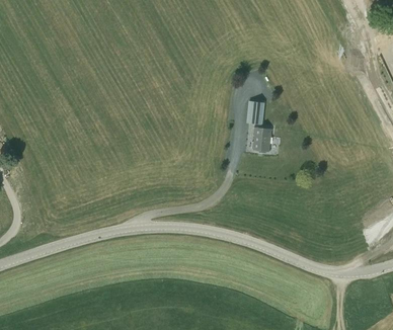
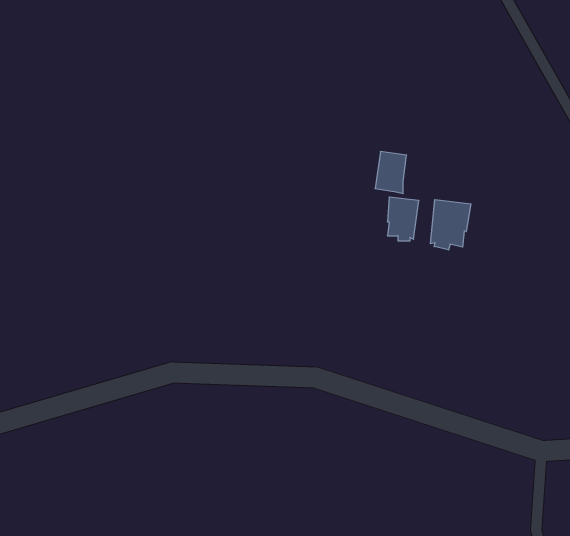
building: none -> [430,200,471,250]

